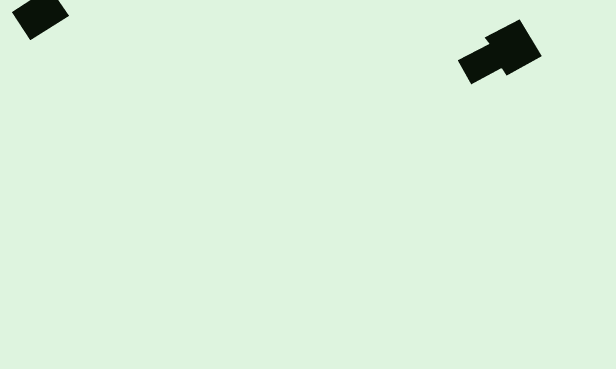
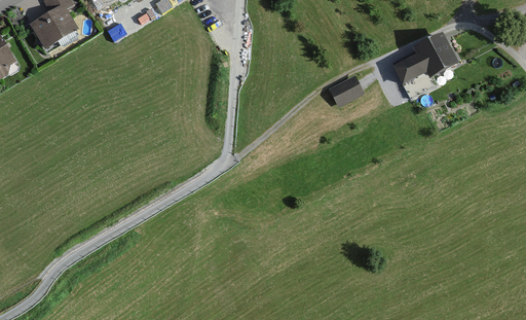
building: none -> [329,74,366,107]

